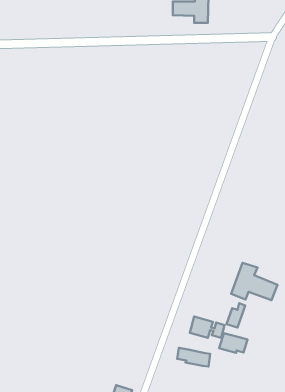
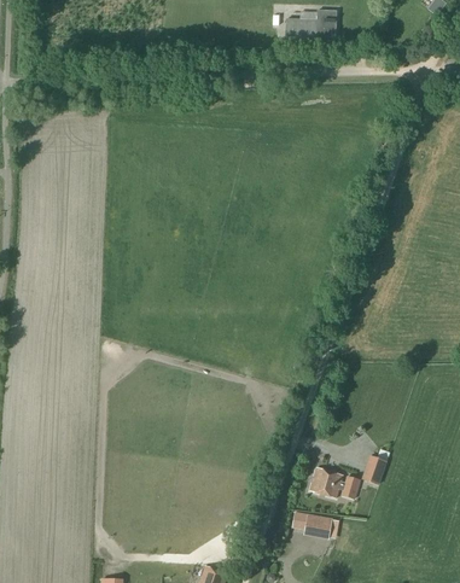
building: [231,263,278,300] -> none
building: [219,333,247,353] -> none

